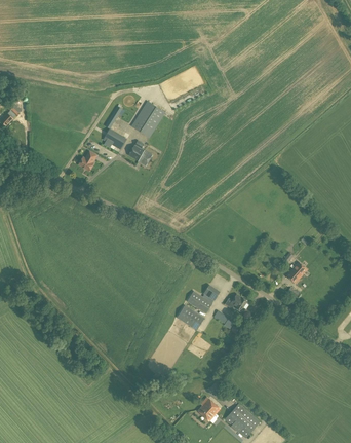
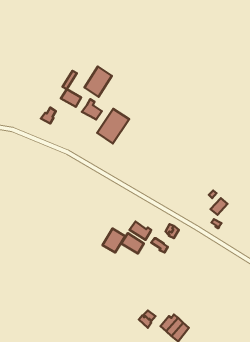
building: none -> [97,109,129,143]
building: none -> [103,229,125,253]

